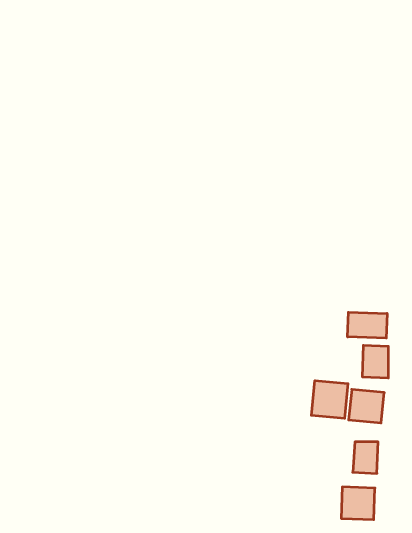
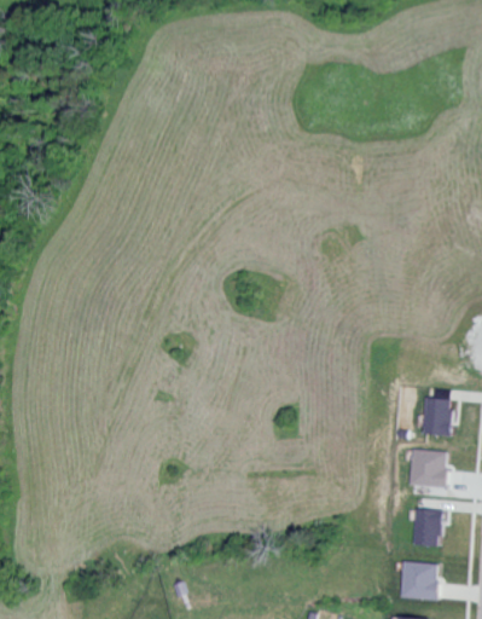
building: [348,312,387,338] -> none
building: [311,381,348,418] -> none

